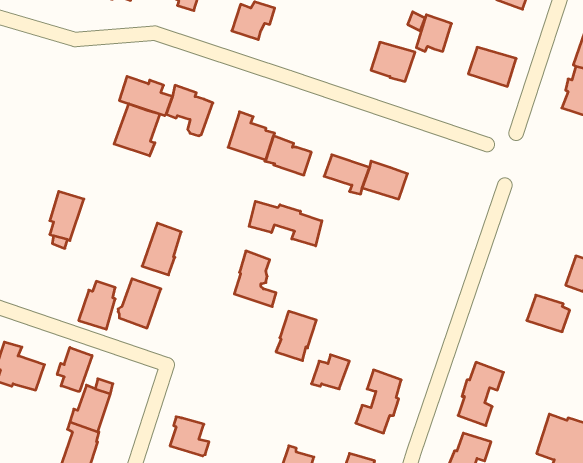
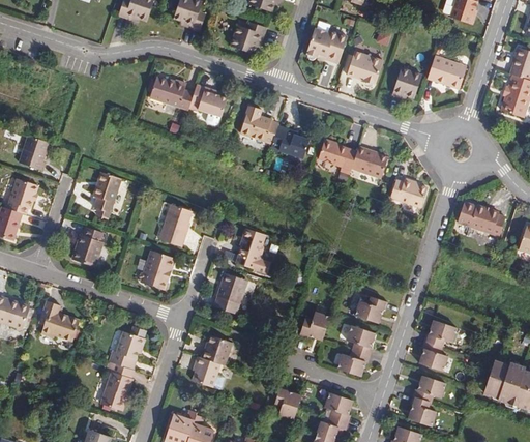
building: none -> [308,31,350,66]
building: [416,15,452,51] -> [393,69,422,99]
building: [114,104,160,156] -> none
building: none -> [382,183,418,211]
building: [249,201,322,246] -> none
building: [79,281,115,329] -> [76,225,106,264]
building: [527,295,570,332] -> [460,210,495,240]
building: [276,311,316,361] -> [214,271,247,312]
building: none -> [355,294,388,321]
building: [57,347,92,391] -> none
building: none -> [194,338,224,369]

